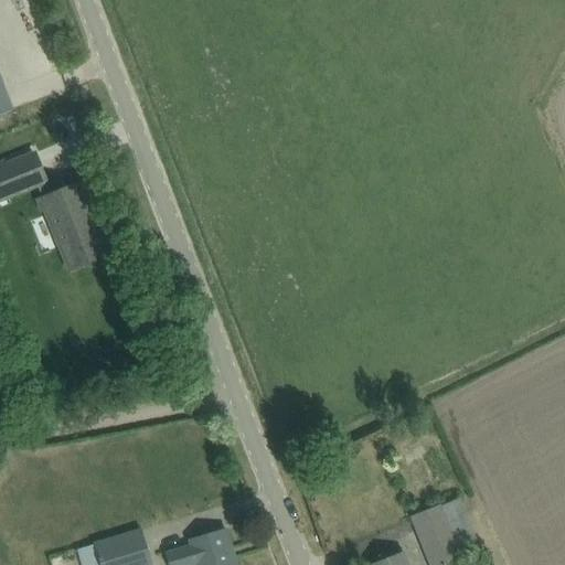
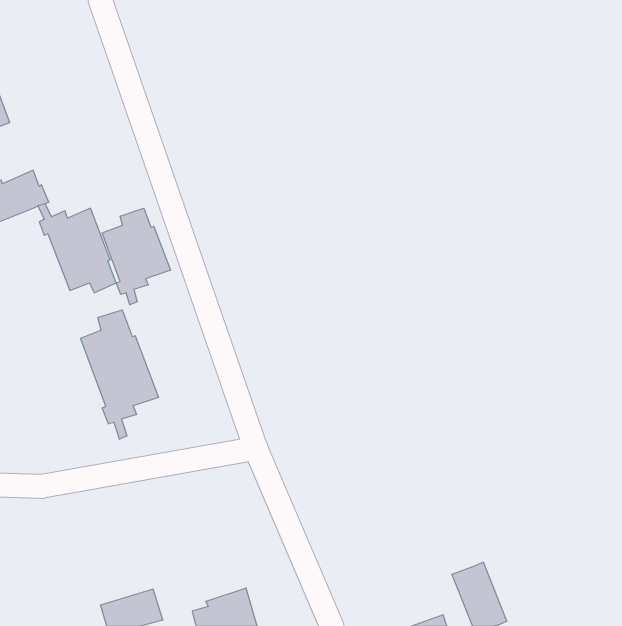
building: none -> [102,208,170,305]
building: none -> [81,310,159,439]

